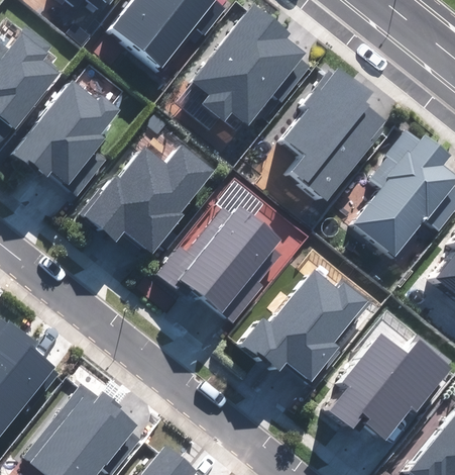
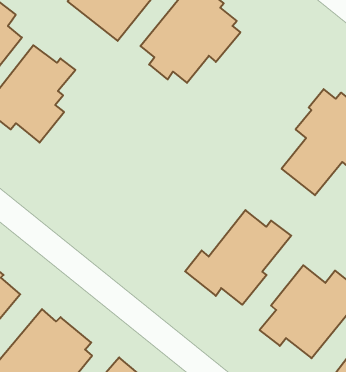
building: [286,68,387,199] -> none
building: [81,146,213,254] -> none
building: [157,207,278,321] -> none

